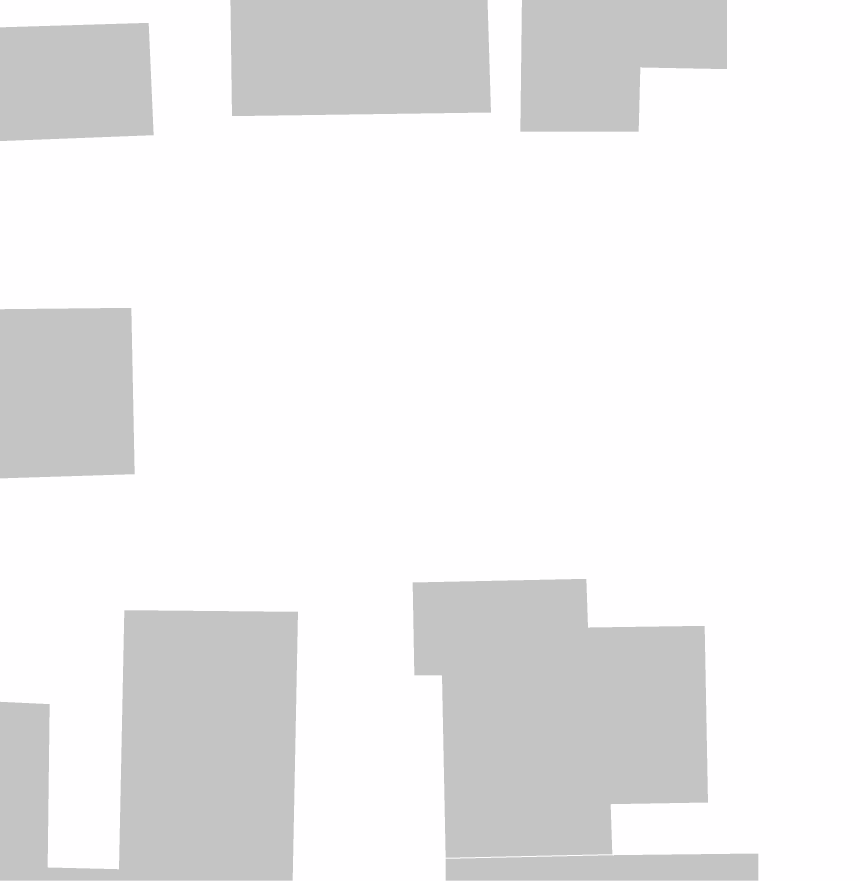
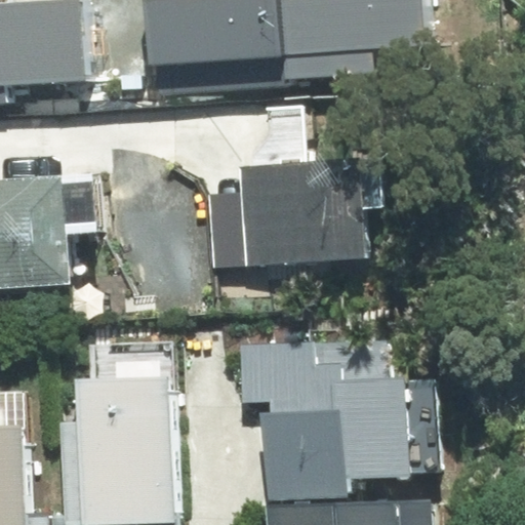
building: none -> [224,153,379,265]

